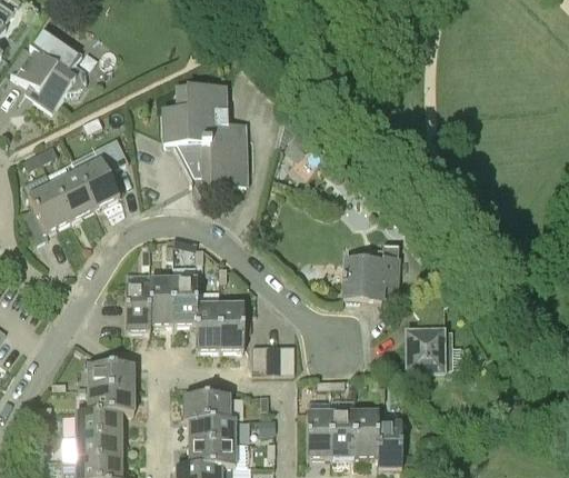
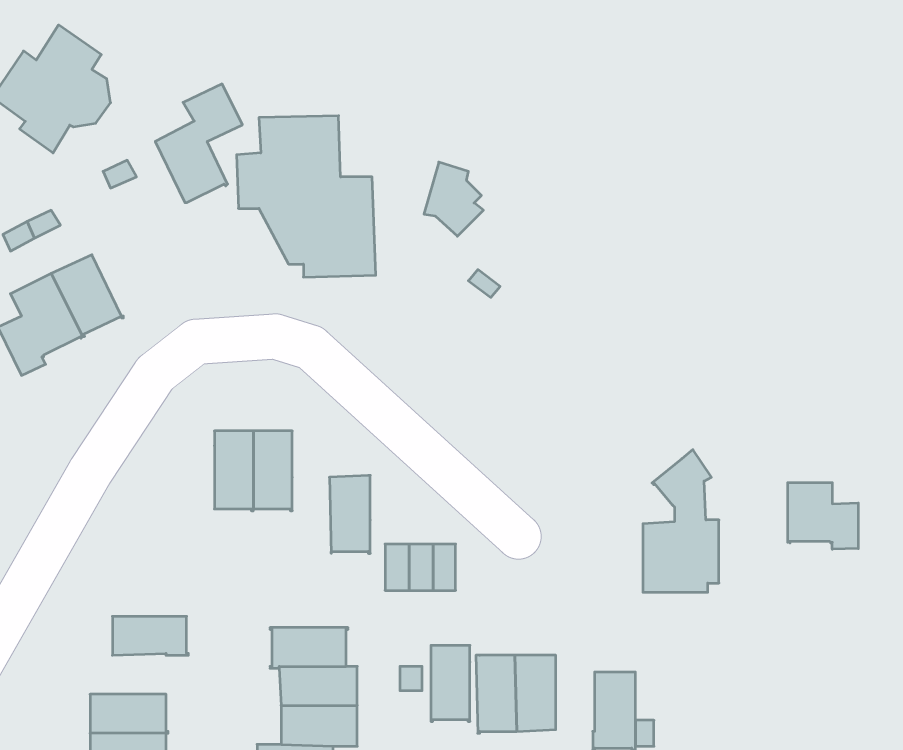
building: [77,136,129,207] -> [155,84,242,203]
building: [343,242,398,299] -> none
building: [126,283,150,330] -> none
building: [196,303,220,349] -> none
building: none -> [788,483,858,549]
building: [88,362,134,387] -> none
building: [76,409,122,434] -> none
building: [355,410,378,456] -> [431,645,470,721]

